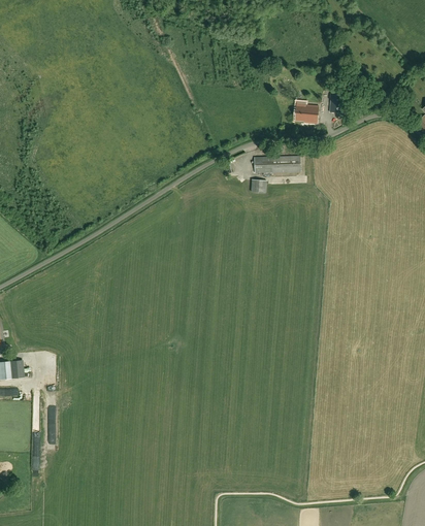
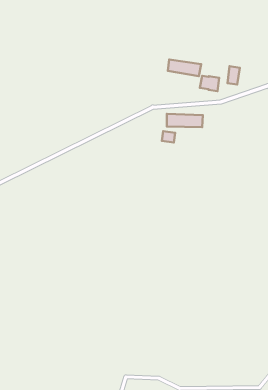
building: none -> [168,59,201,76]

